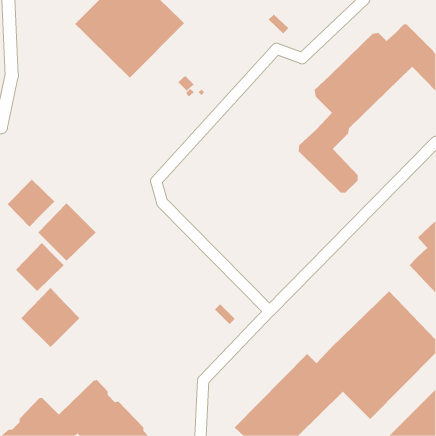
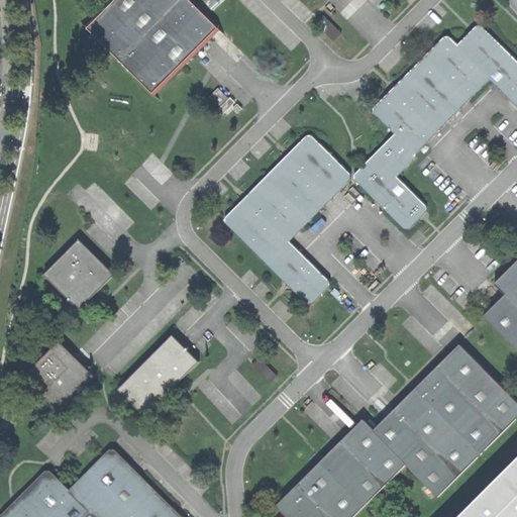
building: none -> [224,134,349,303]
building: [7,179,55,227] -> none
building: [15,242,65,292] -> none
building: none -> [117,334,199,415]

